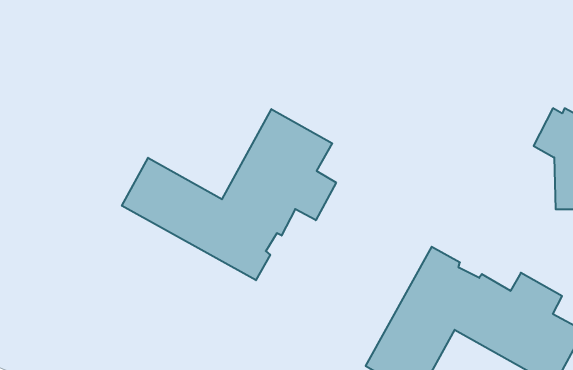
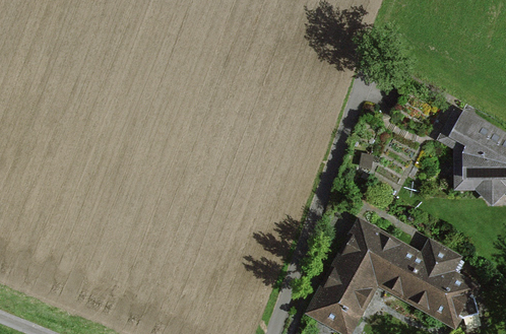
building: [122,109,336,280] -> none

